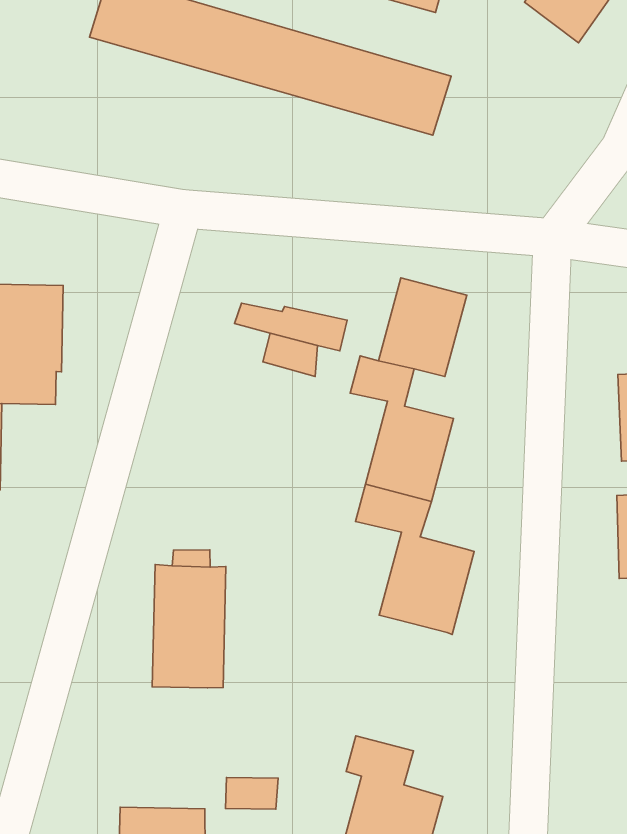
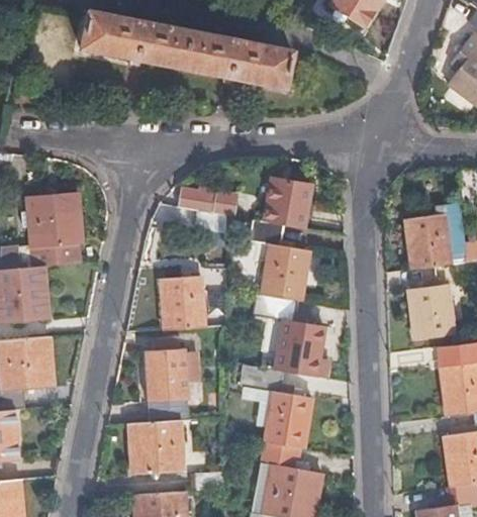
building: none -> [160,277,204,330]
building: none -> [245,367,316,449]
building: none -> [128,421,182,474]

